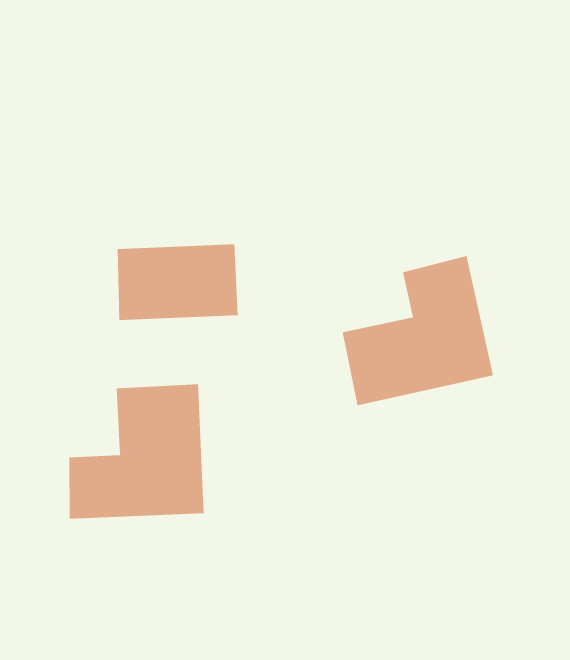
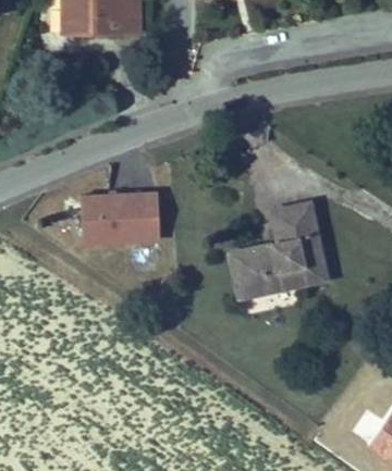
building: [69,383,204,519] -> none

